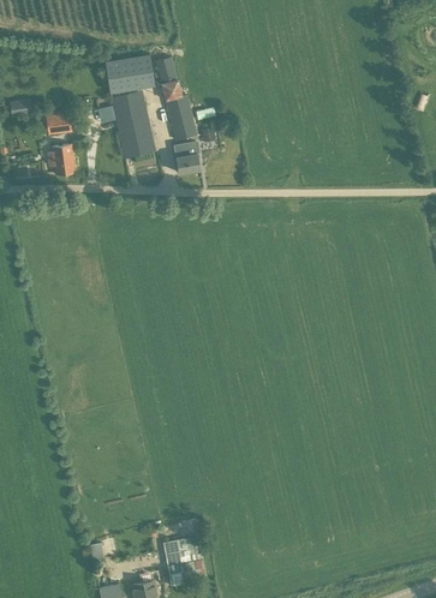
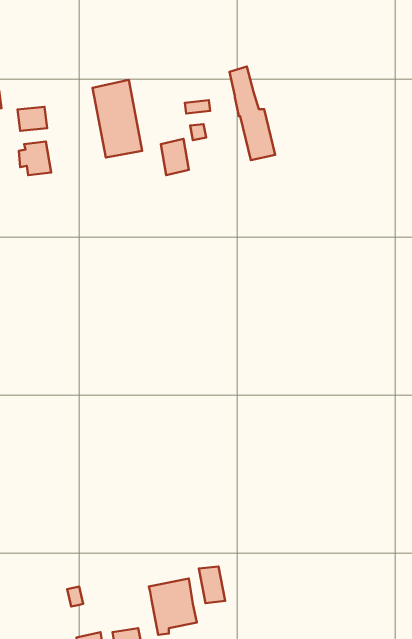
building: [104,54,154,92] -> none
building: [155,56,196,140] -> [229,66,275,160]
building: none -> [199,566,225,603]

